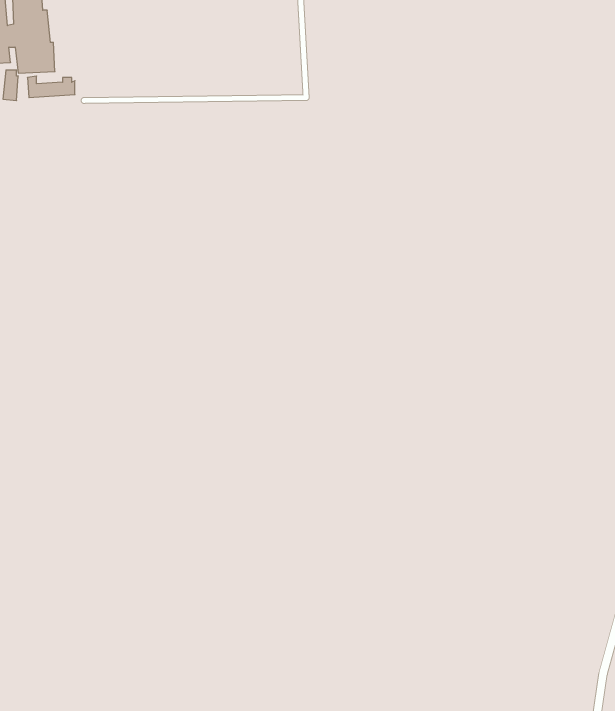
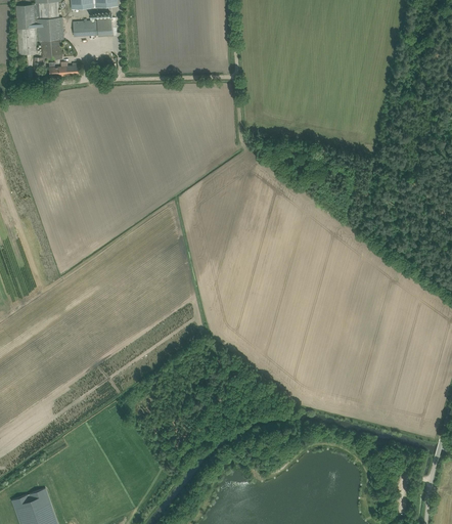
building: none -> [73,16,114,36]

